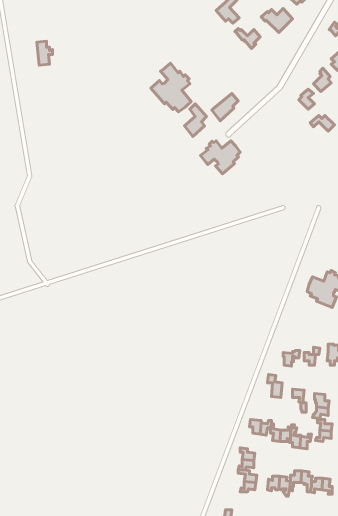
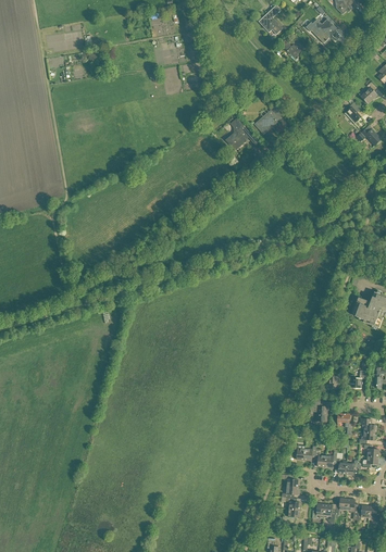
building: [151,63,191,112] -> none
building: [201,141,240,174] -> none

